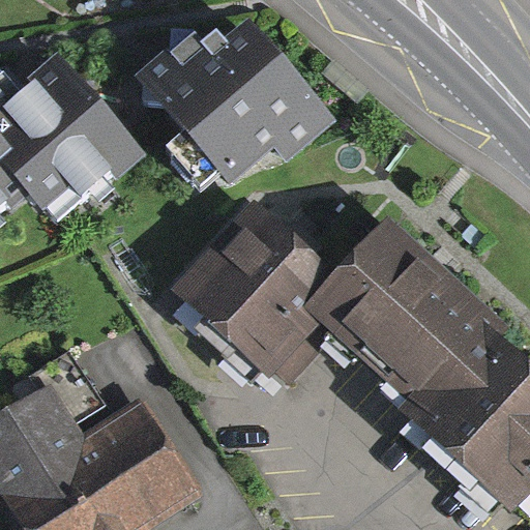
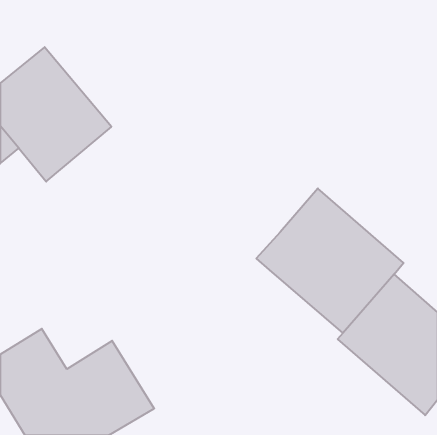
building: [147,30,325,178] -> none
building: [188,210,340,375] -> none

